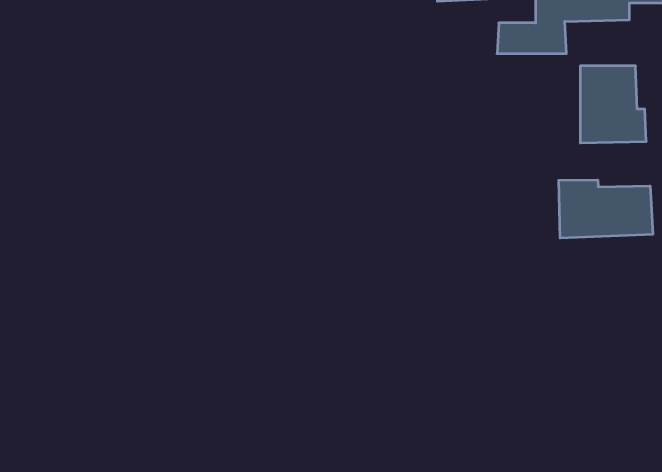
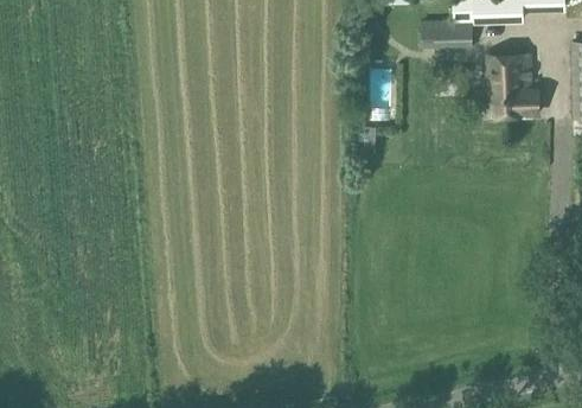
building: [559,180,653,238] -> none

